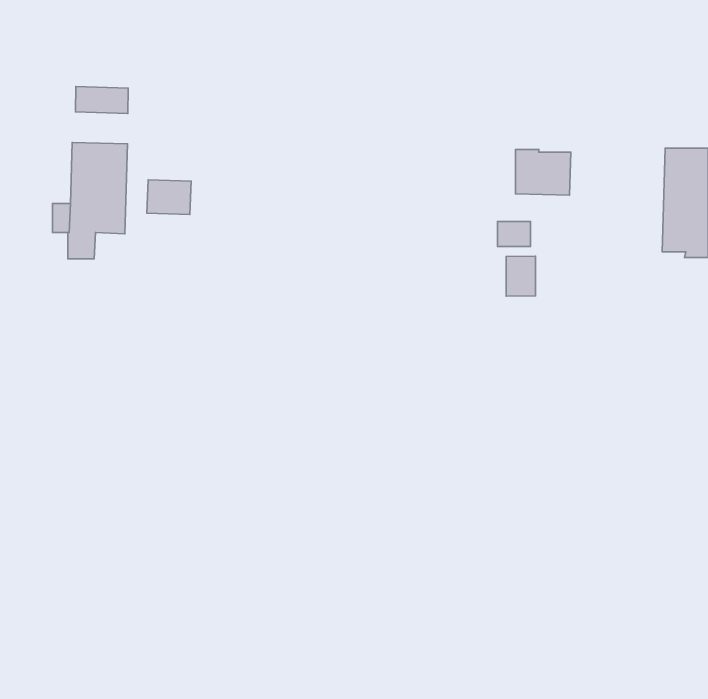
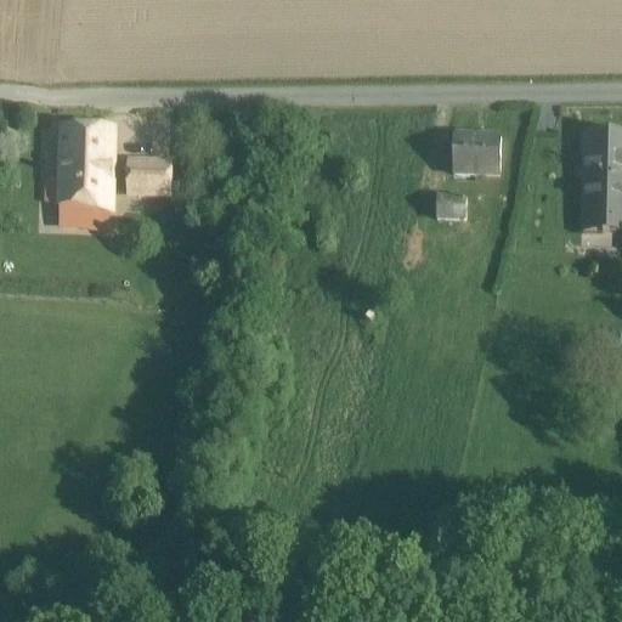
building: [75,86,128,113] -> none
building: [506,256,535,296] -> none

